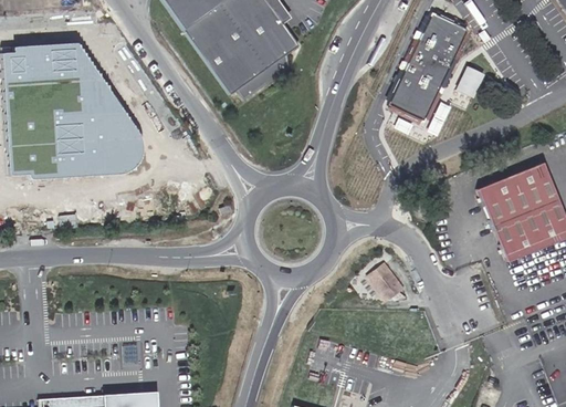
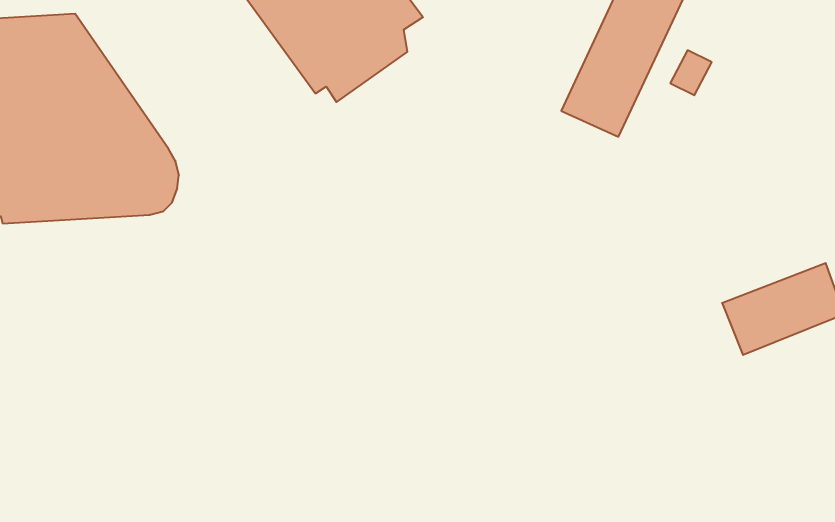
building: [475,163,558,229] -> none
building: [365,267,396,298] -> none

